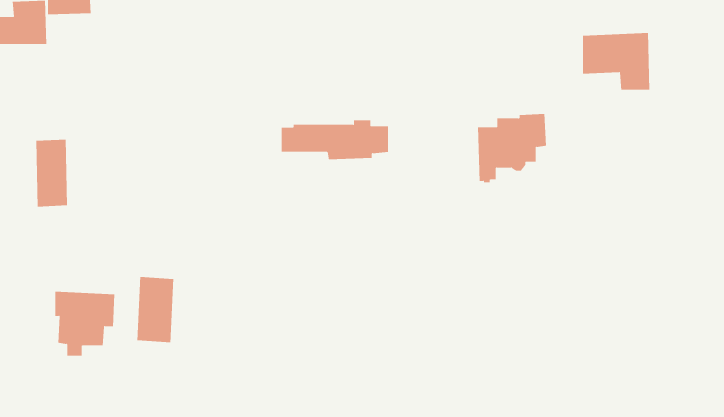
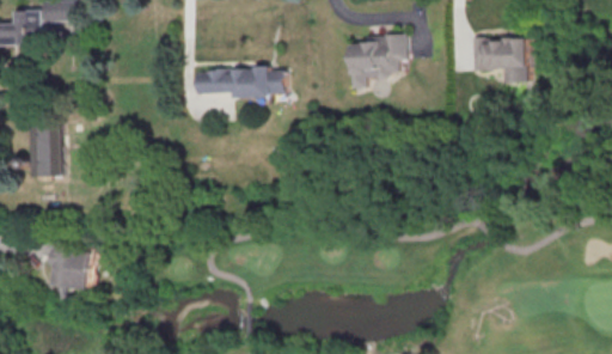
building: [477,113,547,183] -> [349,33,405,90]
building: [281,120,389,160] -> [195,67,282,99]
building: [137,276,174,343] -> none

